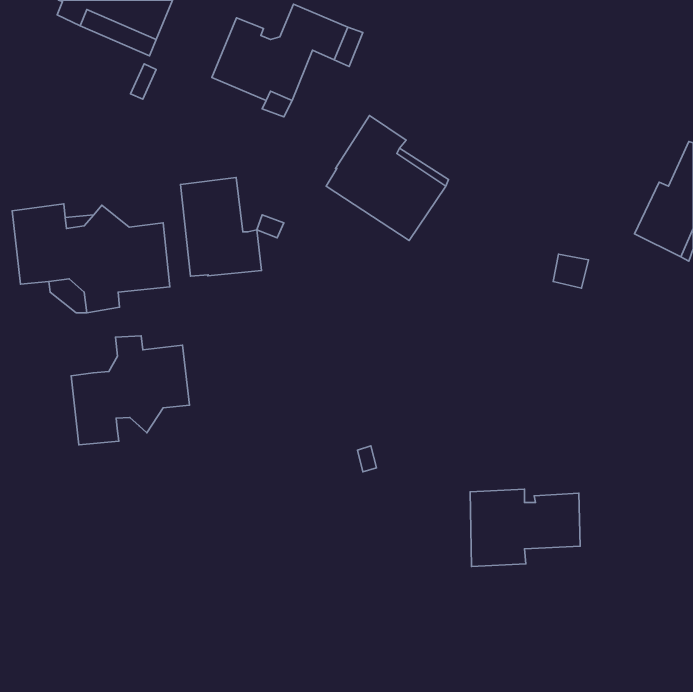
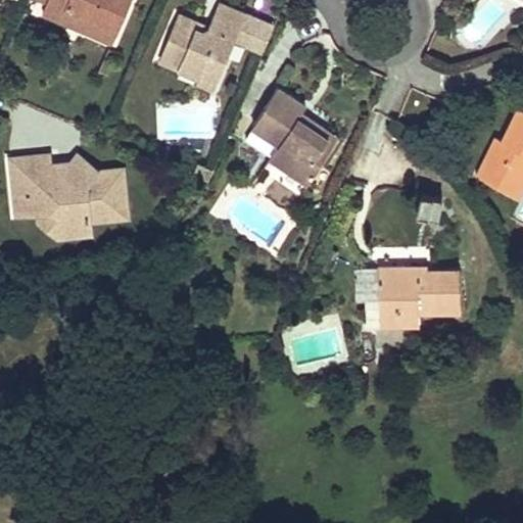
building: [180,178,262,276] -> none
building: [71,336,189,445] -> none
building: [470,489,580,567] -> [378,267,461,325]

